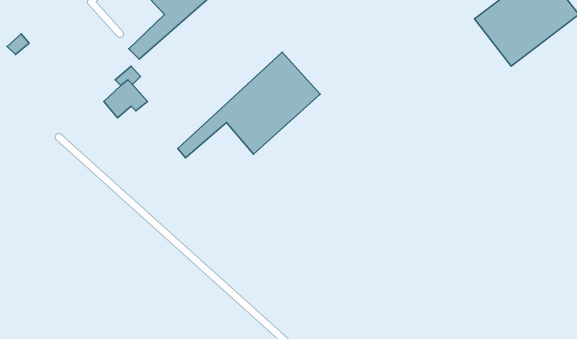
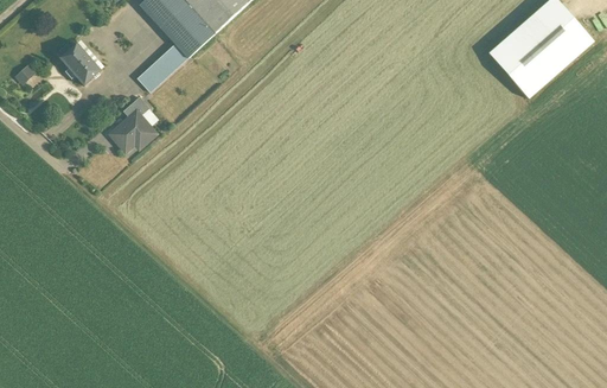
building: none -> [56,42,98,85]
building: [178,52,320,158] -> none

